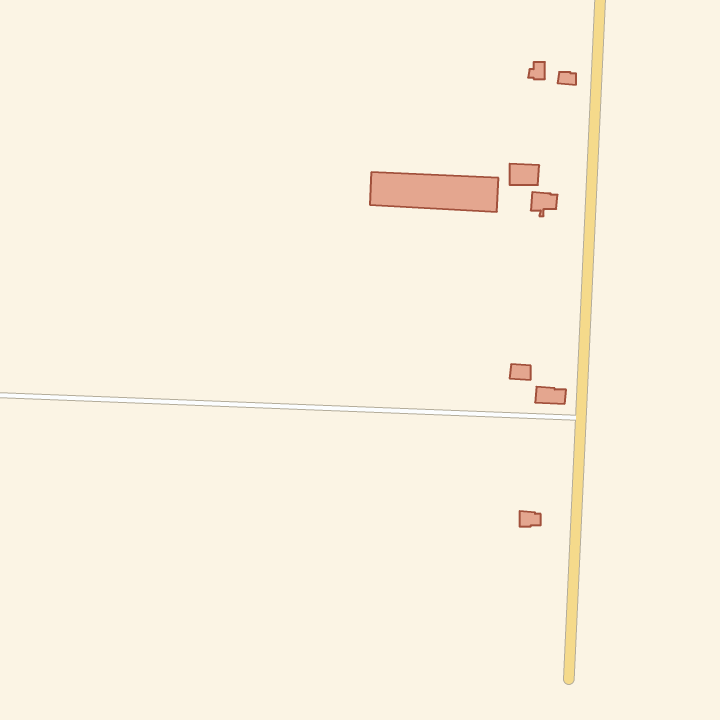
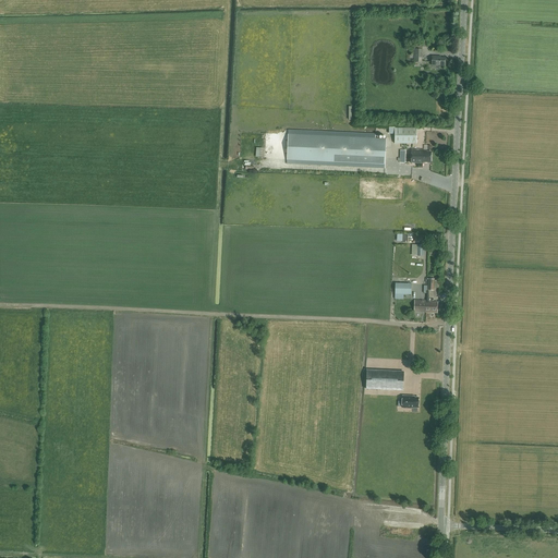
building: none -> [365,369,402,389]

